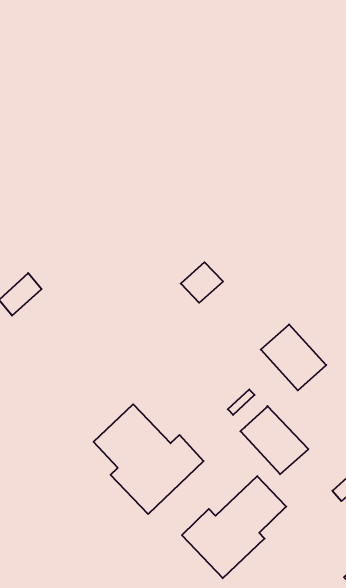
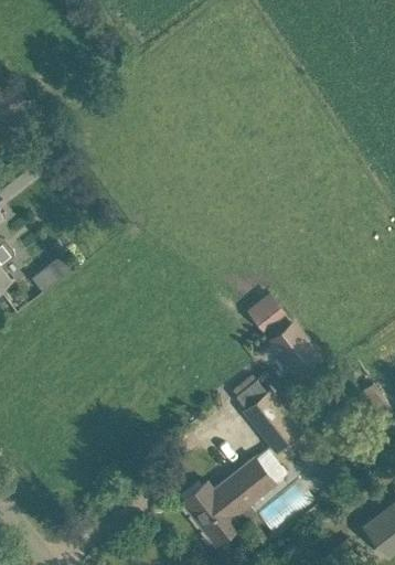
building: [181,262,223,303] -> [246,295,285,331]
building: [94,404,204,514] -> none

